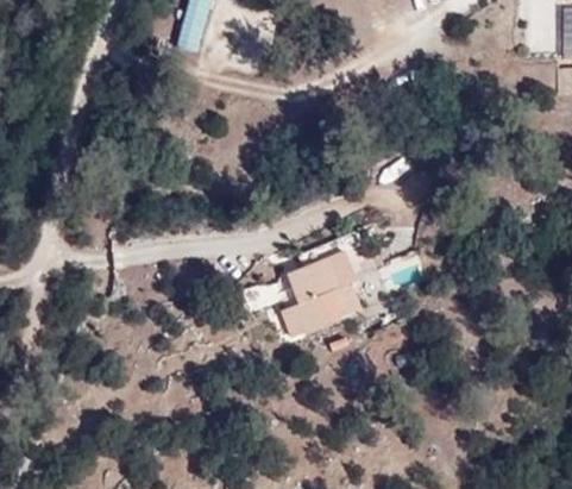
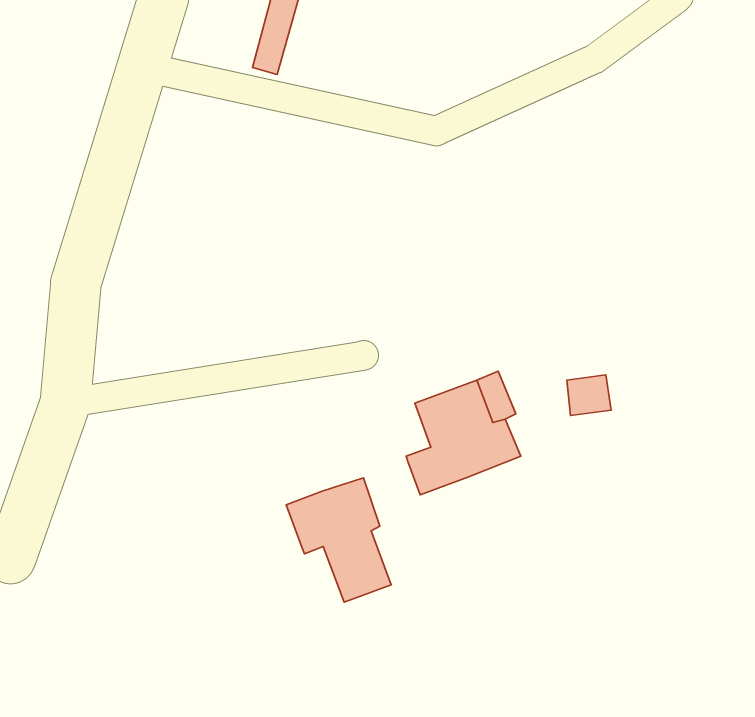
building: none -> [286,478,391,602]

